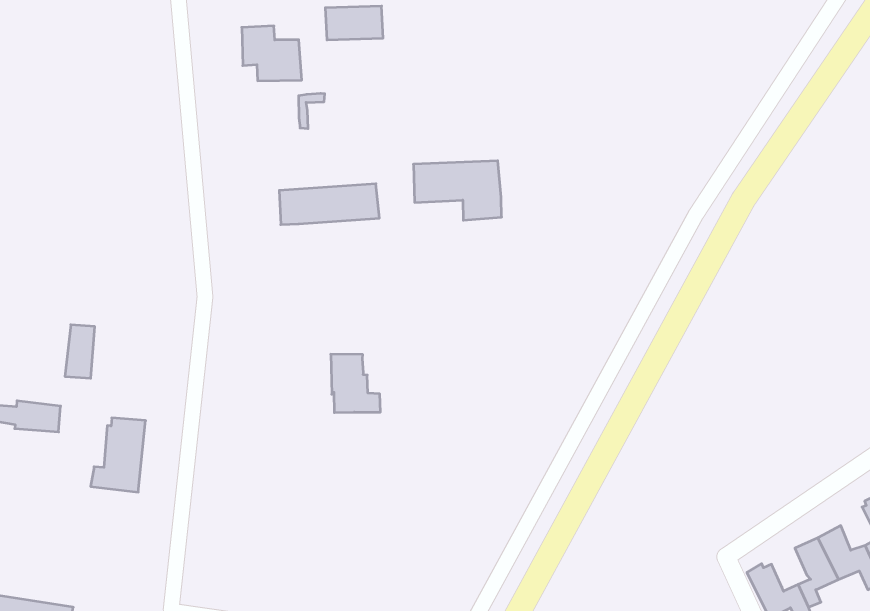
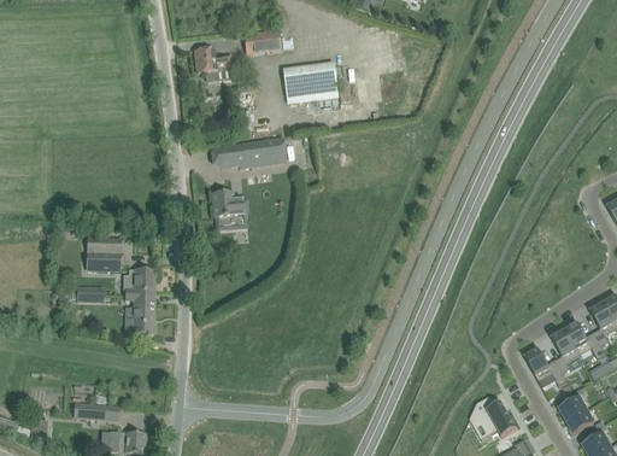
building: [413,161,502,220] -> [283,63,339,100]
building: none -> [86,236,106,268]
building: [331,354,380,413] -> [213,192,246,228]
building: none -> [124,269,155,296]

